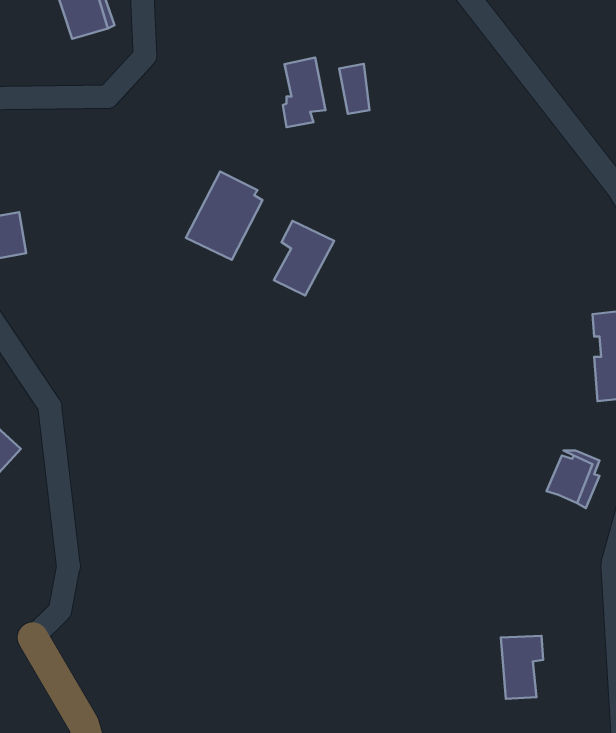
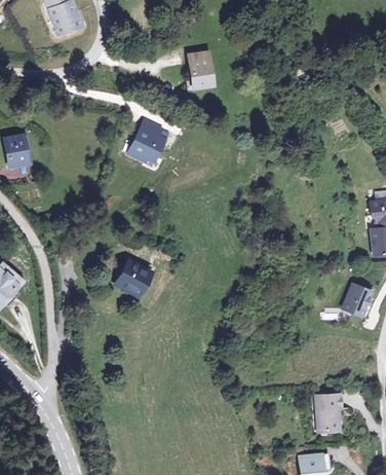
building: [339,64,370,114] -> none
building: [274,221,334,295] -> none
building: none -> [113,257,156,301]

